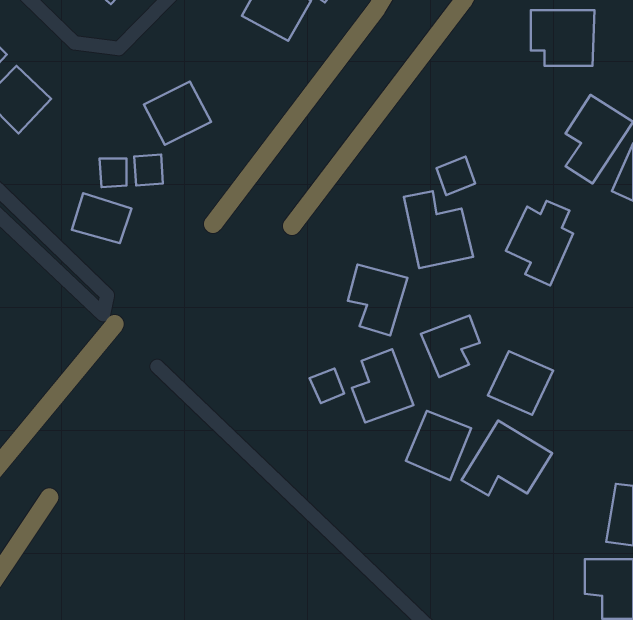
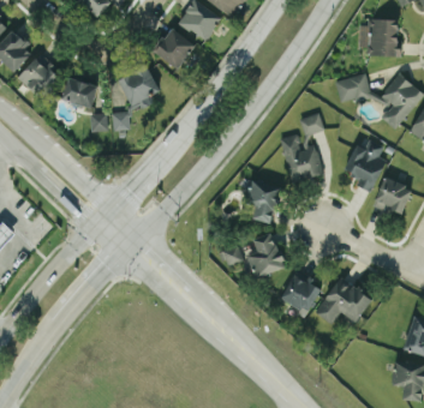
building: none -> [154,26,195,67]
building: none -> [335,72,371,103]
building: [72,193,131,243] -> [61,77,98,108]
building: [421,315,480,377] -> none
building: [488,351,553,415] -> [372,176,413,216]

